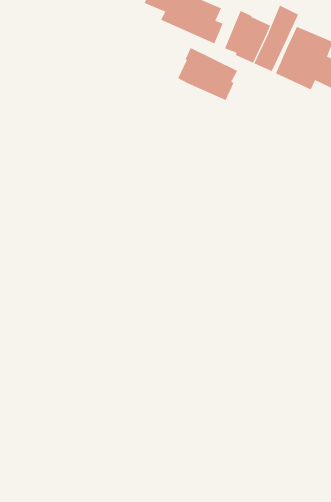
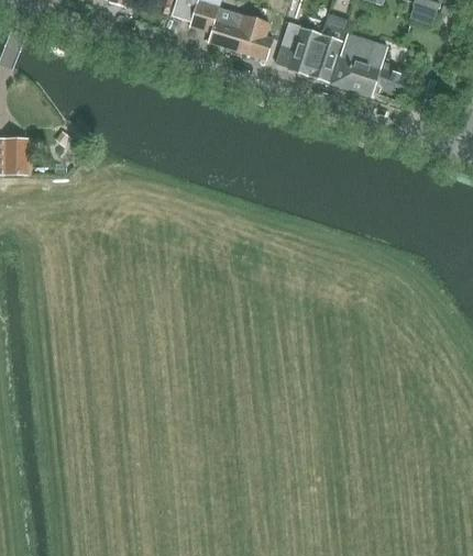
building: [178,47,238,101] -> none

